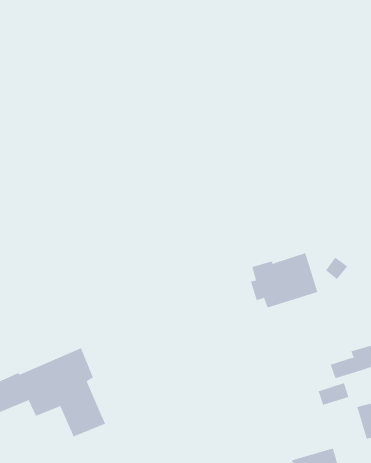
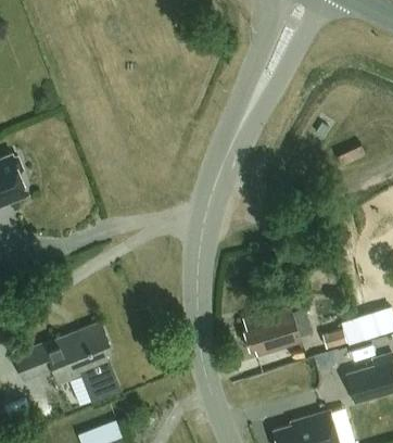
building: [250,252,318,308] -> [241,308,302,358]

